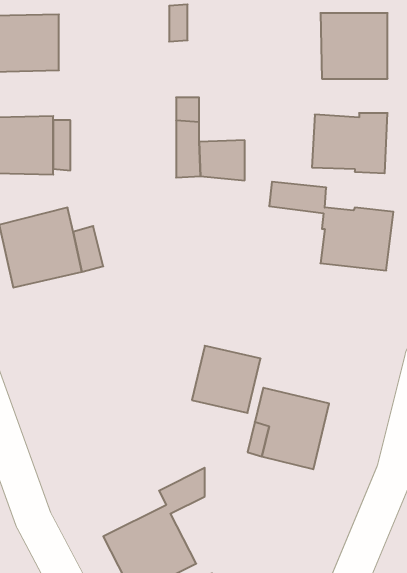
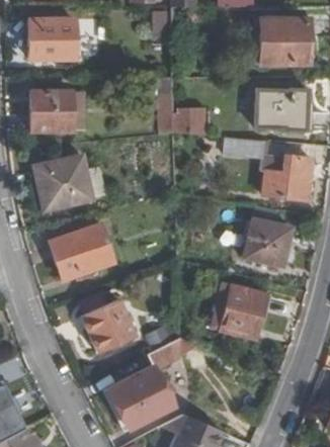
building: none -> [51,225,114,279]
building: [192,346,261,413] -> [243,218,292,266]
building: none -> [82,299,136,353]

